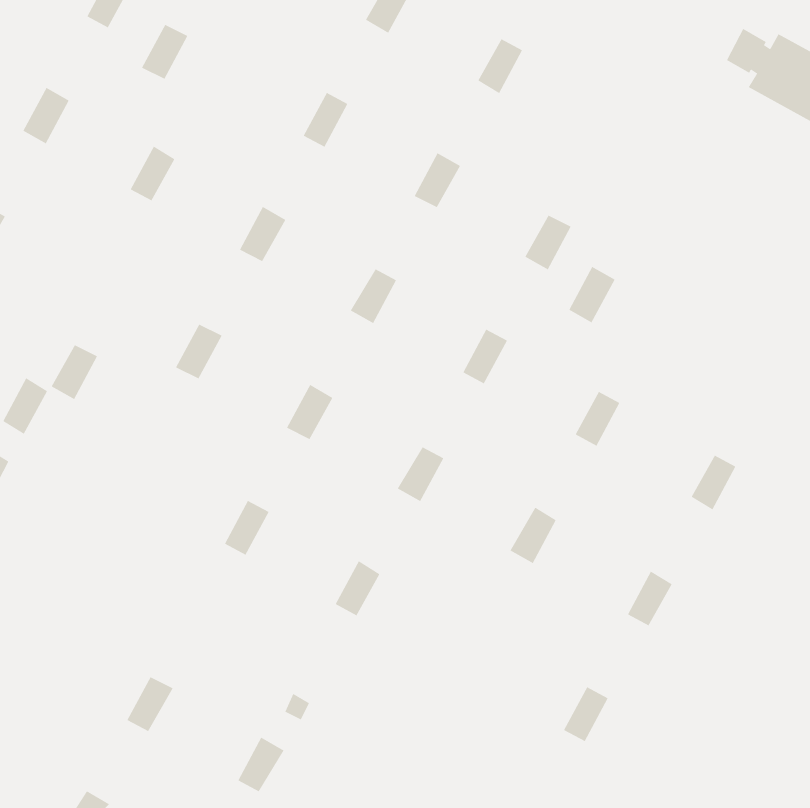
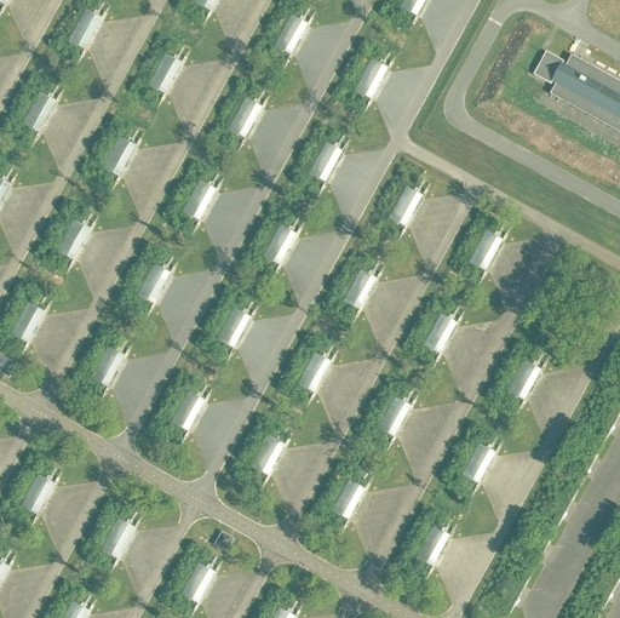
building: [141,24,188,80] -> [145,51,179,91]
building: [568,266,615,323] -> [466,227,500,268]
building: [51,344,98,400] -> [53,218,87,258]
building: none -> [87,345,121,385]
building: none -> [18,473,51,513]
building: none -> [329,477,362,517]

